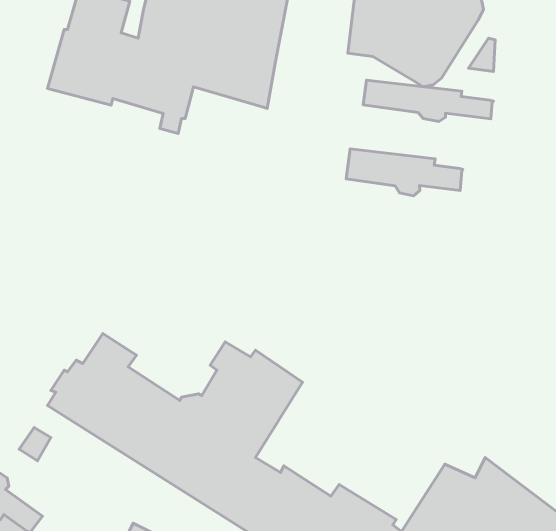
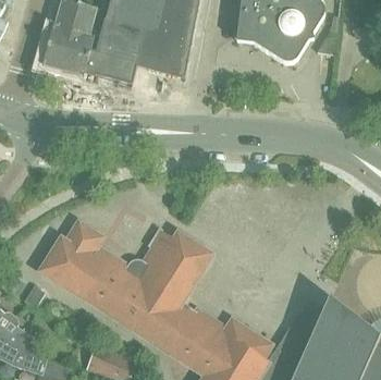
building: [363,80,493,122] -> none
building: [346,149,463,196] -> none

